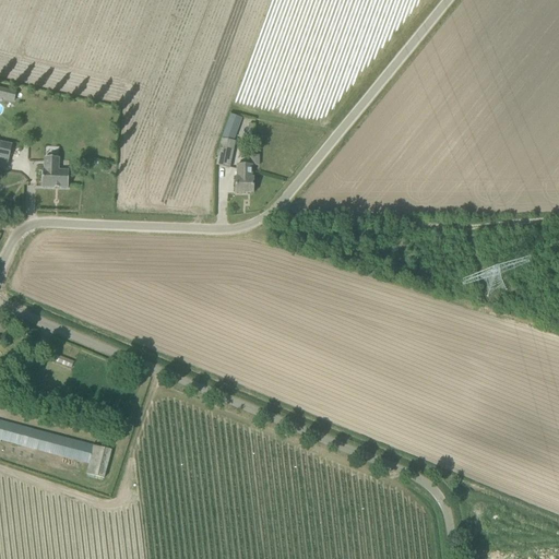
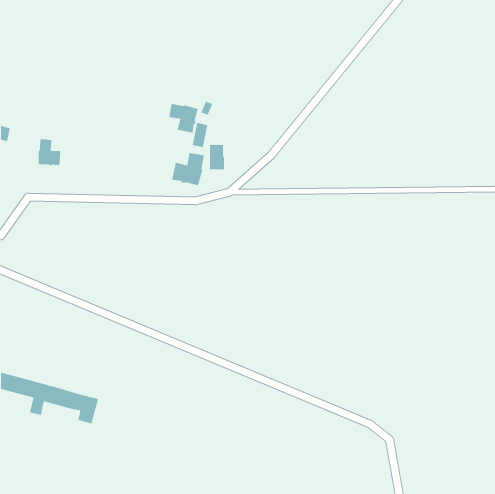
building: none -> [169,103,198,133]
building: none -> [172,152,204,186]

